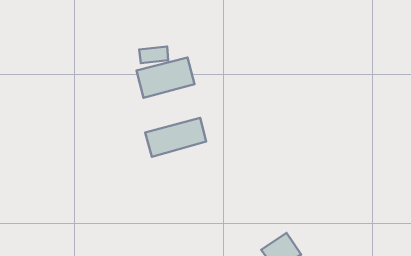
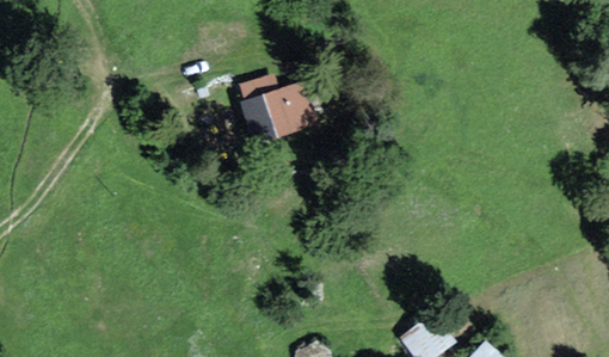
building: [145,118,206,157] -> none

